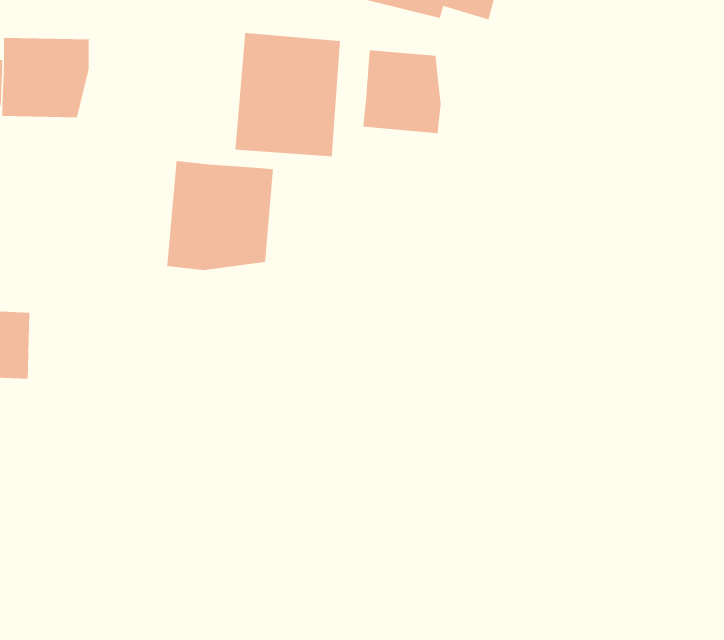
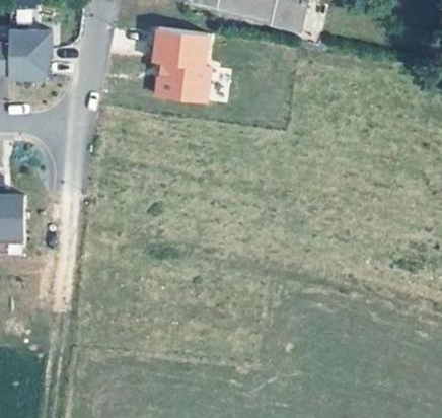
building: [362,50,441,134] -> none
building: [166,160,274,271] -> none

